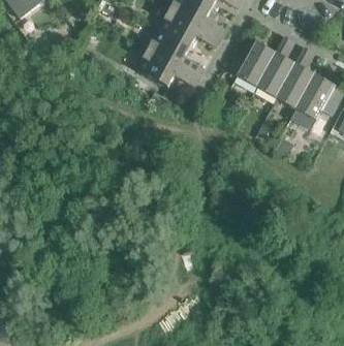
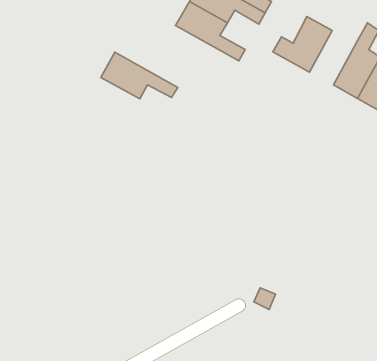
building: [257,35,295,96] -> none
building: [136,48,199,86] -> [101,52,178,99]

